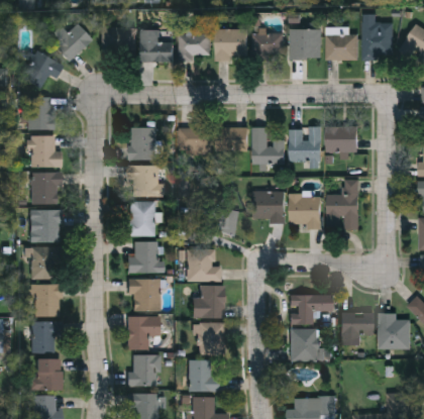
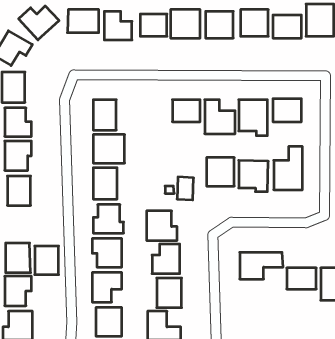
building: [178,127,210,153] -> none
building: [32,247,59,279] -> [35,246,59,275]
building: [291,329,318,360] -> none

